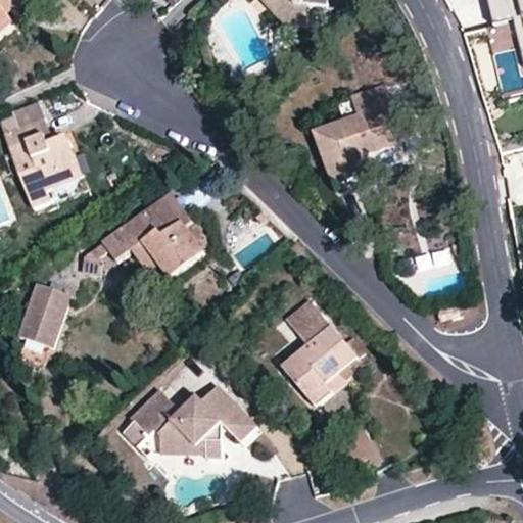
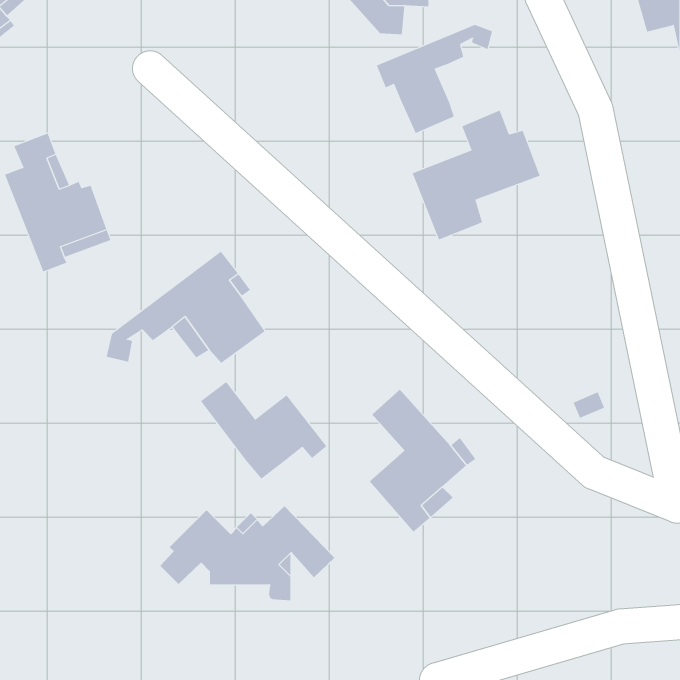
building: none -> [376,24,493,134]
building: [15,282,68,346] -> none
building: none -> [200,381,327,480]

